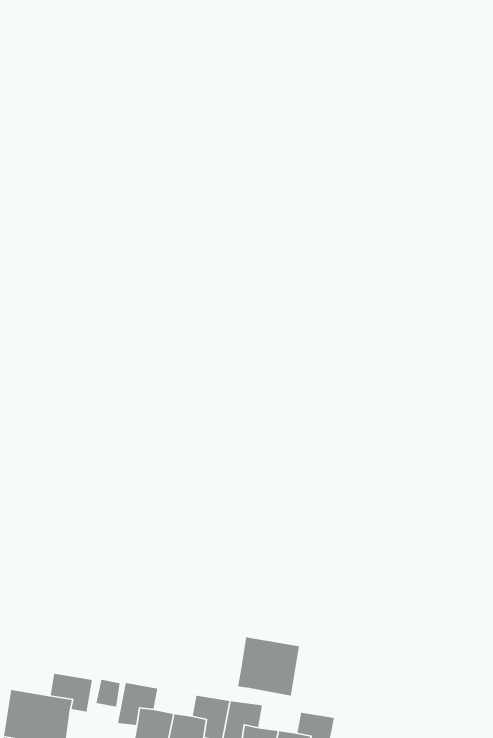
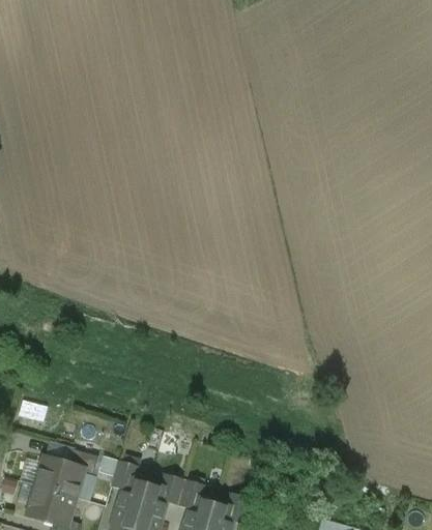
building: [237,636,300,696] -> none

